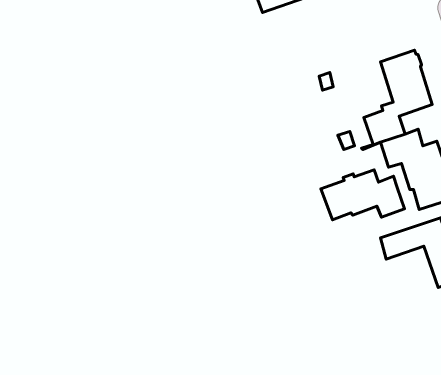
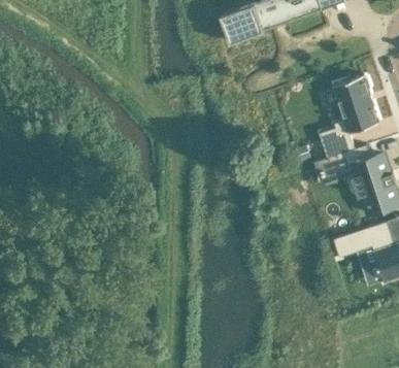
building: [321,170,405,220] -> none

